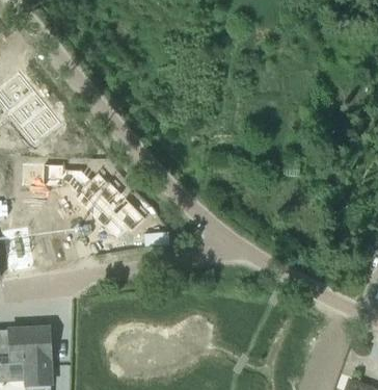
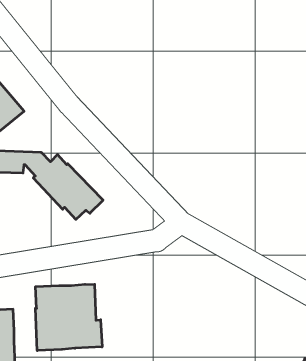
building: none -> [35,284,102,351]

